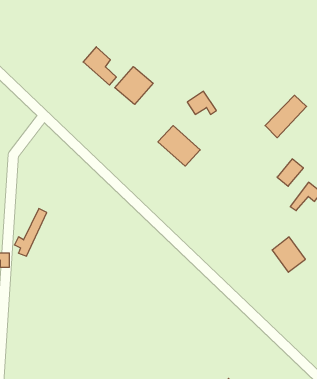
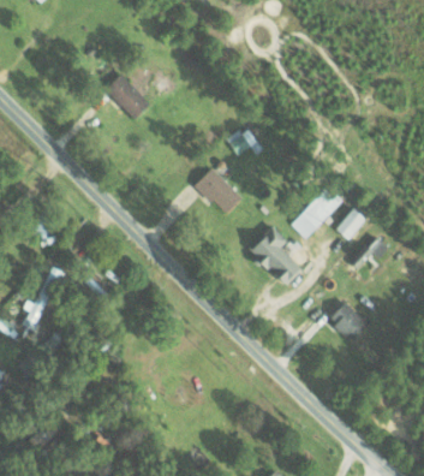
building: [115,67,153,104] -> none
building: [265,95,307,138] -> [292,188,341,238]
building: none -> [247,224,303,286]

